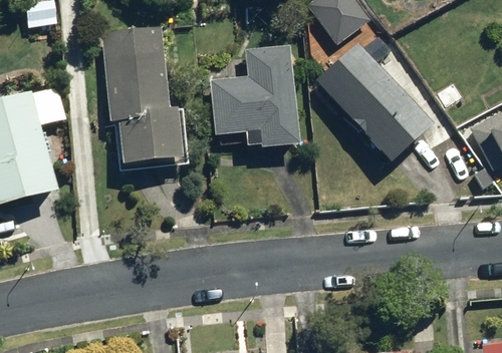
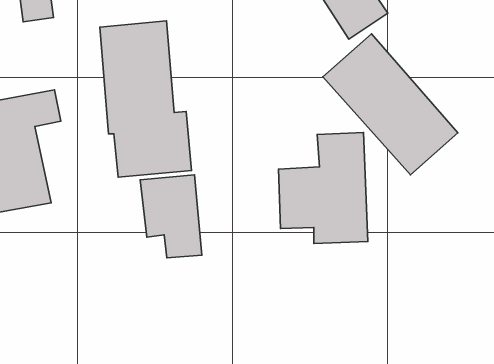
building: [212,42,295,145] -> [278,132,368,244]
building: none -> [140,175,202,258]

